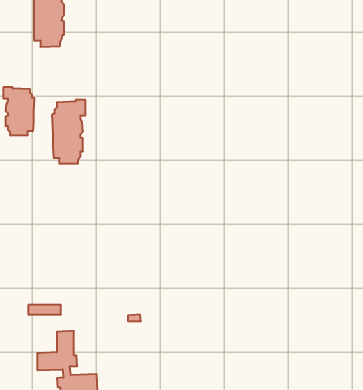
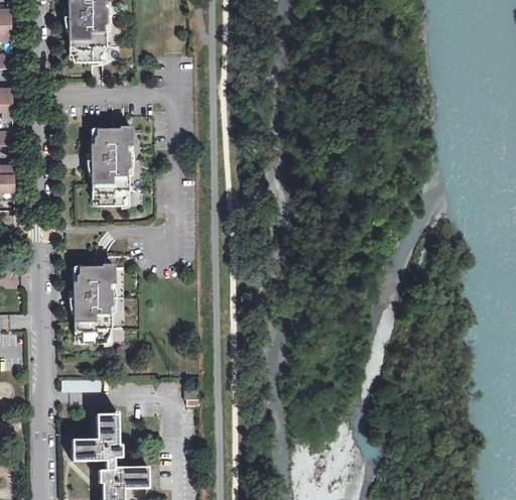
building: [4,87,34,136] -> none
building: none -> [70,259,115,346]

